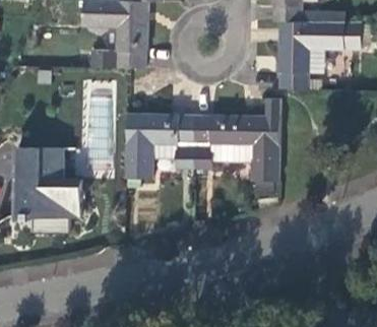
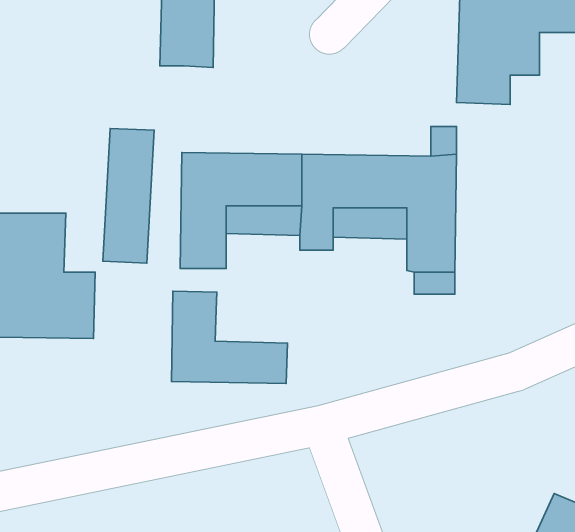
building: none -> [171,291,288,383]

